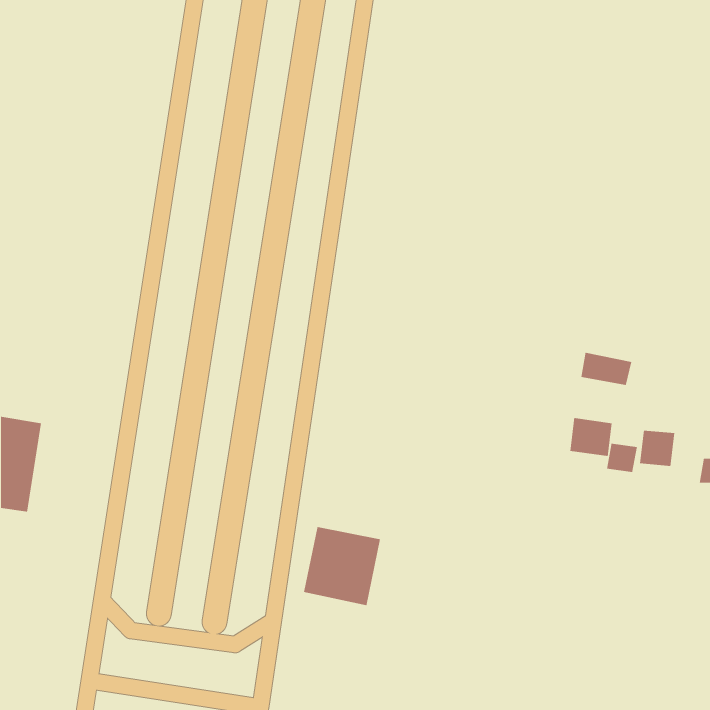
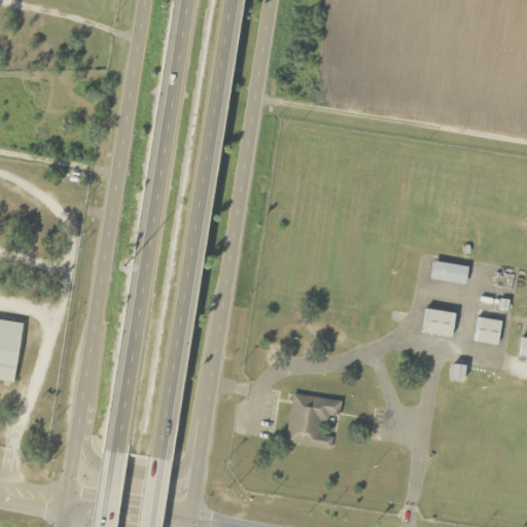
building: [607,443,637,473] -> none
building: [303,527,381,606] -> [283,387,341,446]

